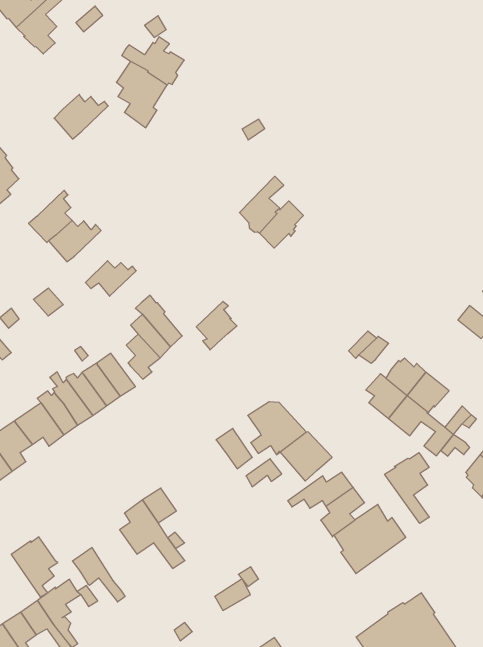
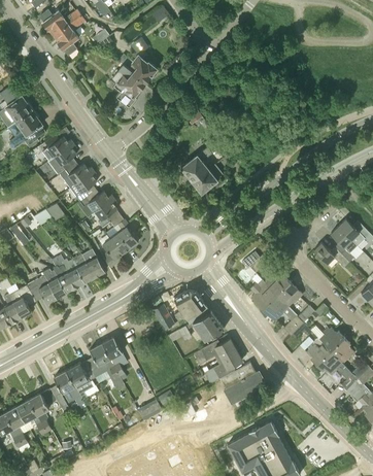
building: [54,94,108,139] -> [38,134,73,162]
building: none -> [70,171,97,203]
building: [196,301,237,350] -> [95,199,121,229]
building: [385,453,429,523] -> none
building: [11,537,58,597] -> [67,362,96,400]

